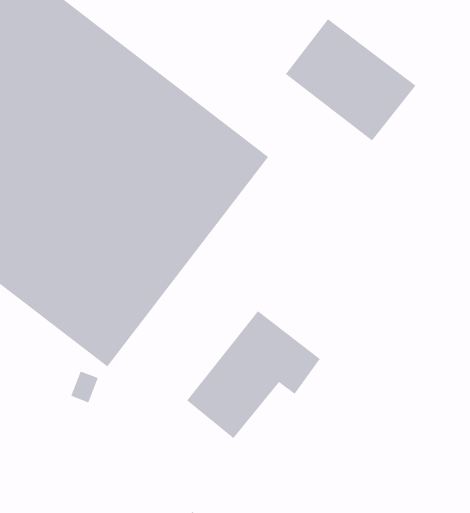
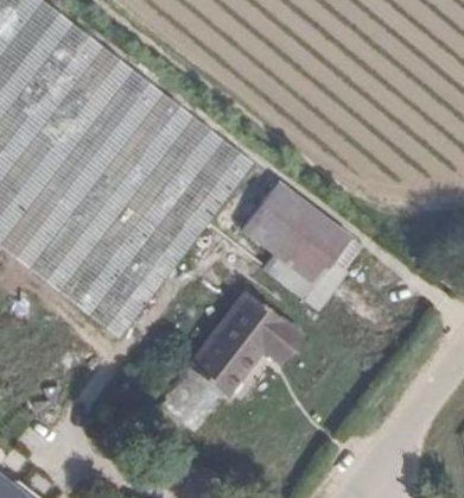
building: [285,18,417,141] -> [240,181,349,283]

